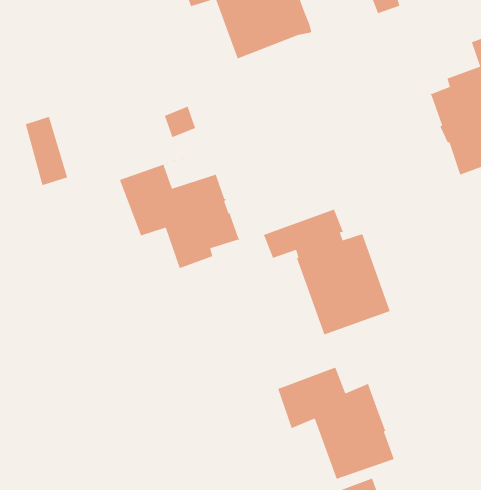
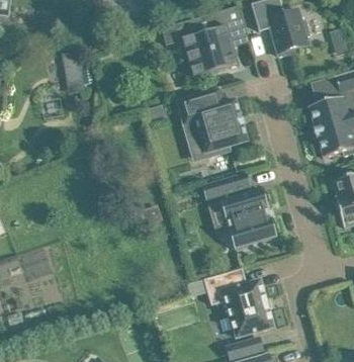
building: [25,116,68,186] -> [64,50,88,92]
building: [119,155,241,269] -> [176,87,248,156]

